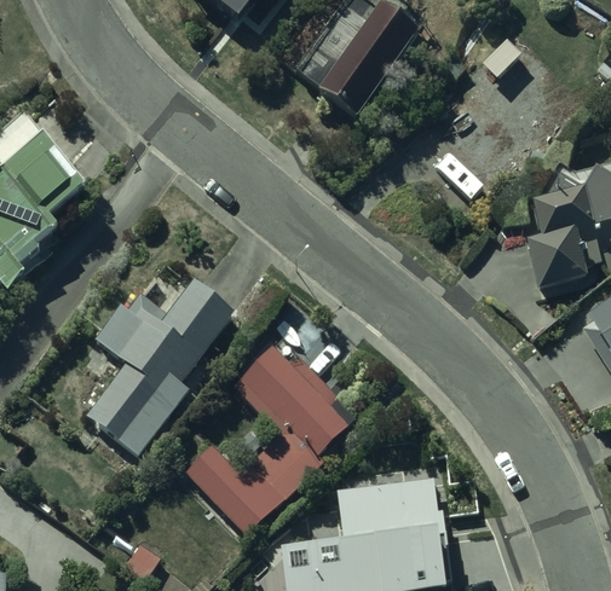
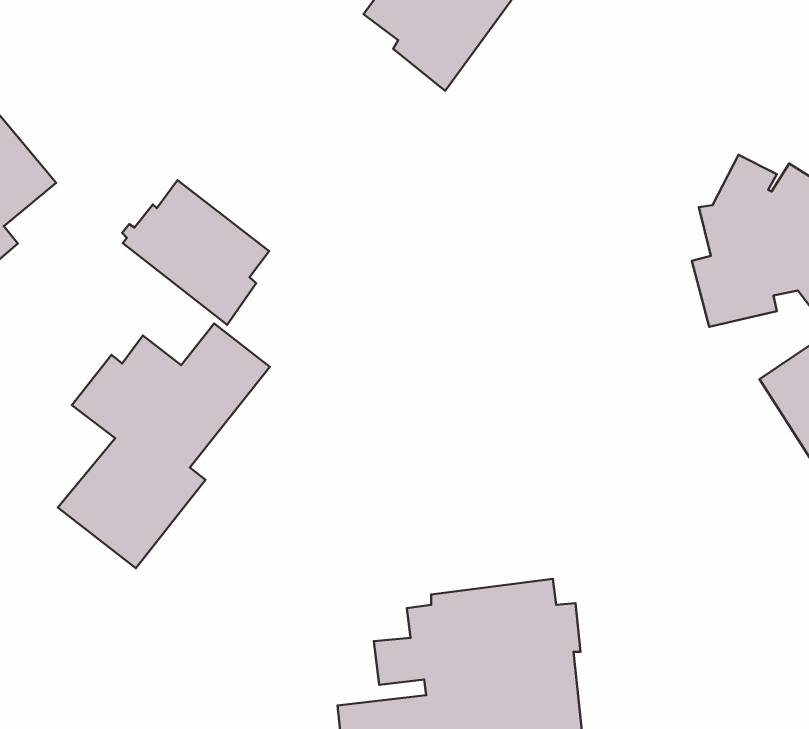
building: none -> [122,180,269,325]
building: [184,340,347,538] -> none

